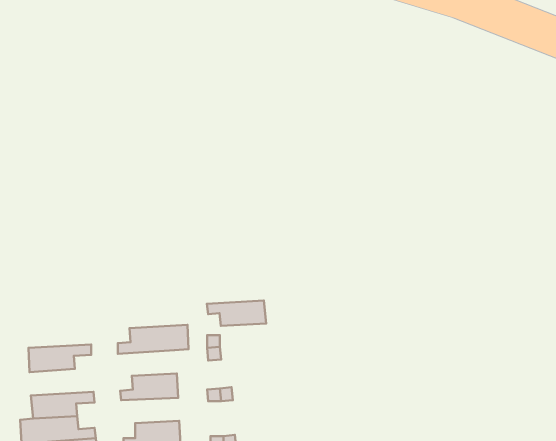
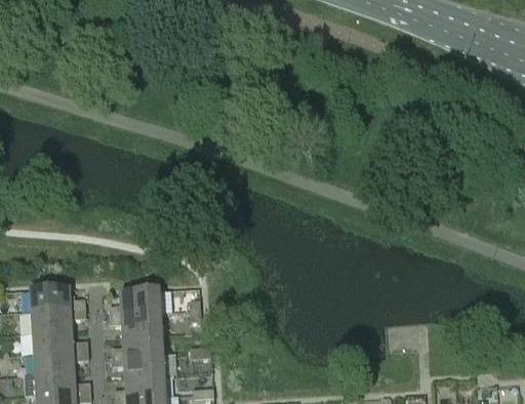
building: [207,300,266,326] -> [110,315,162,337]
building: none -> [30,289,86,313]
building: none -> [32,331,88,355]
building: none -> [113,357,164,379]

